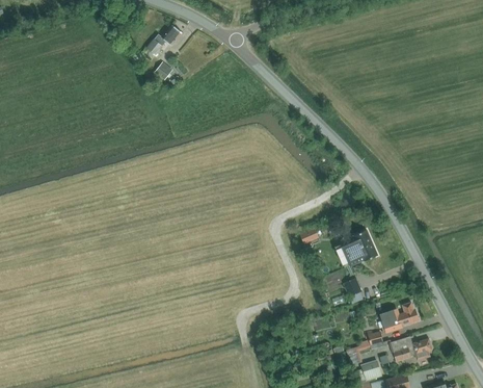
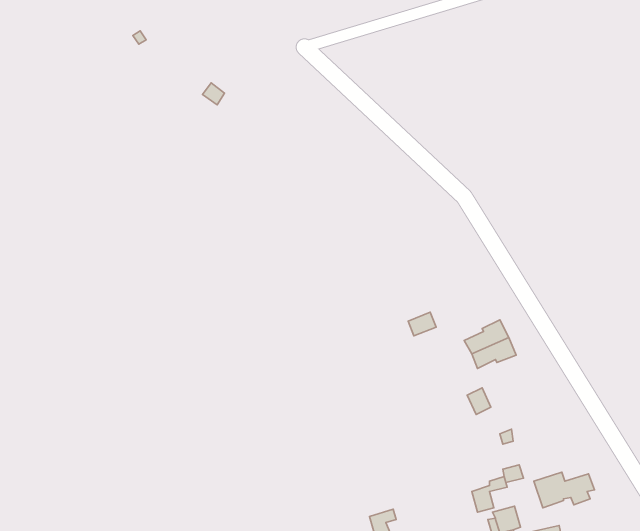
building: [147,26,182,55] -> none
building: [381,302,418,331] -> none

